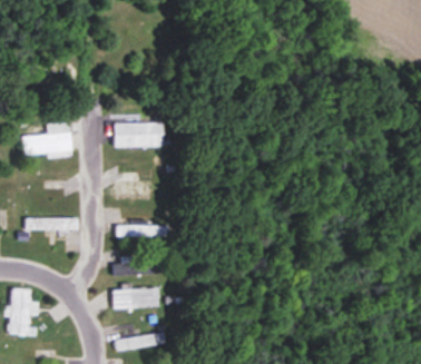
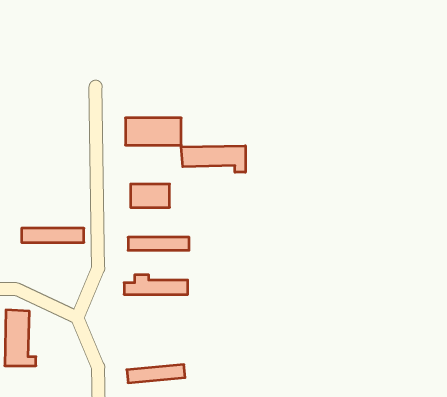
building: [22,122,71,158] -> none
building: none -> [181,146,245,172]
building: [112,288,158,308] -> none

